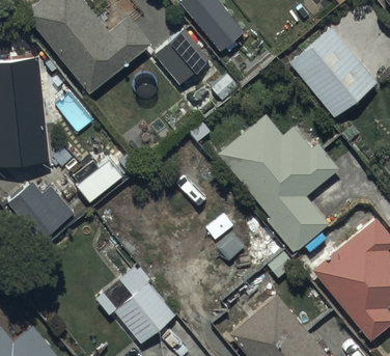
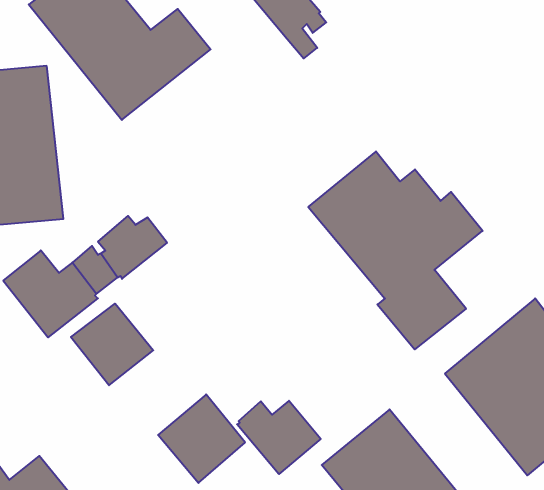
building: [288,26,377,116] -> none
building: [155,29,212,86] -> none
building: none -> [71,304,153,385]
building: none -> [237,401,321,474]

